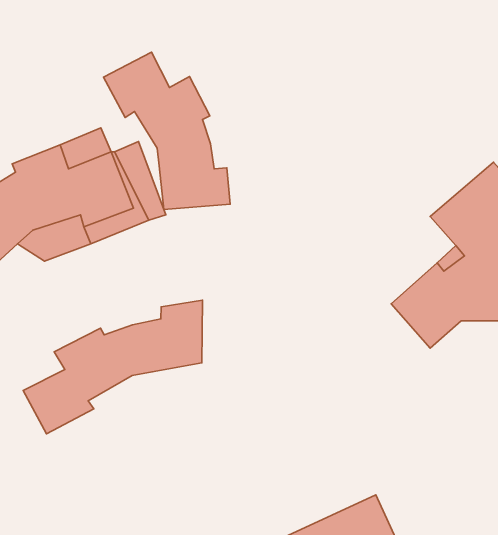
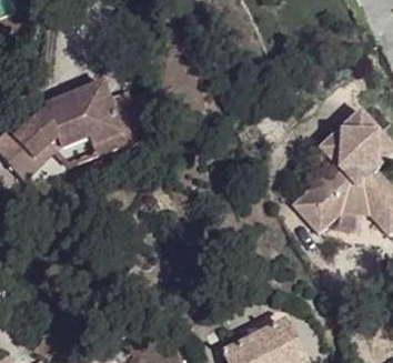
building: [104,52,230,210] -> none
building: [23,300,202,434] -> none

